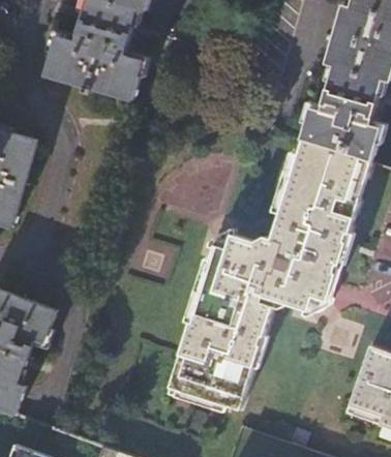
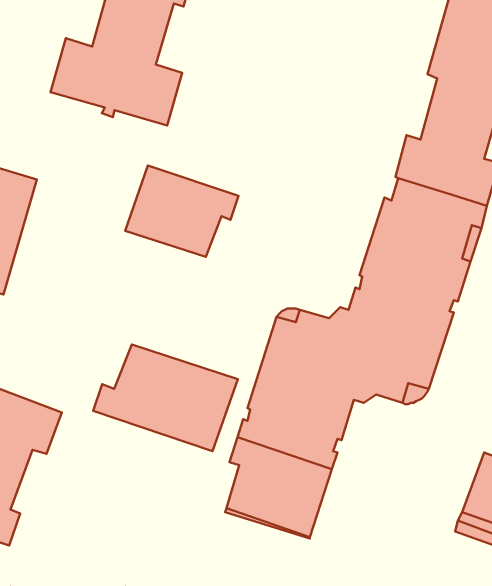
building: none -> [125,165,239,257]
building: none -> [93,344,238,451]

